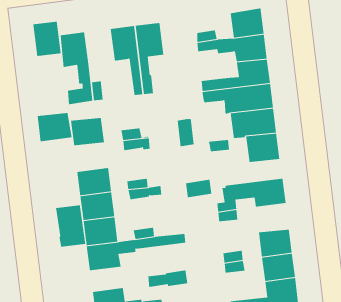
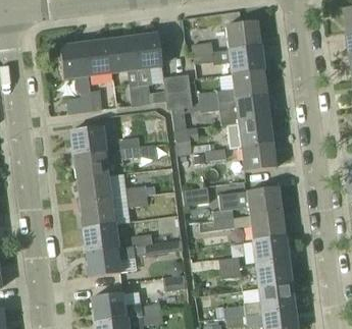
building: [32,21,62,57] -> [85,40,113,74]
building: none -> [164,75,192,110]
building: [37,113,72,142] -> [73,151,108,179]
building: none -> [251,210,285,238]
building: [55,204,86,248] -> none

